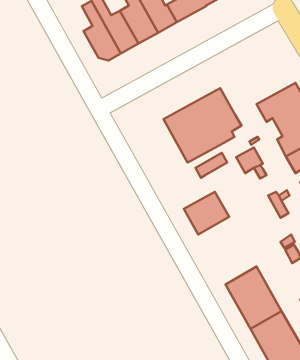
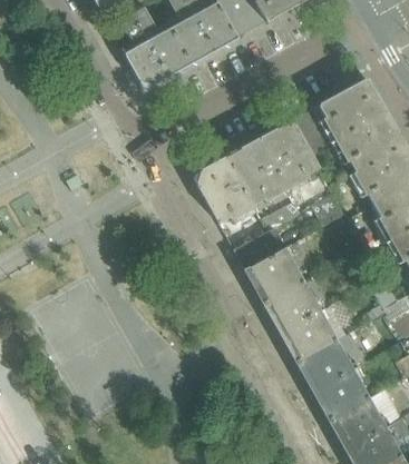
building: none -> [293,79,388,154]
building: none -> [197,159,253,225]
building: none -> [235,229,286,272]
building: none -> [265,282,339,366]

